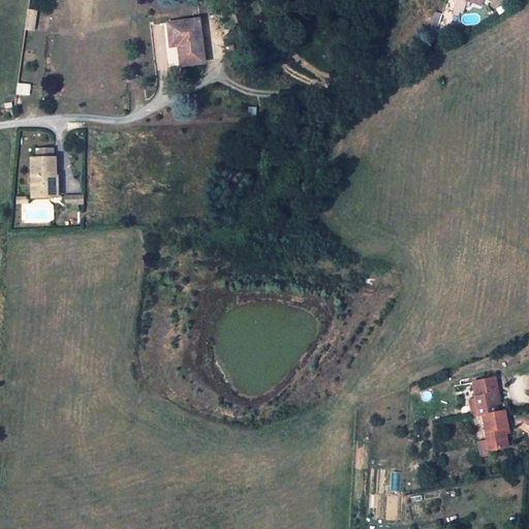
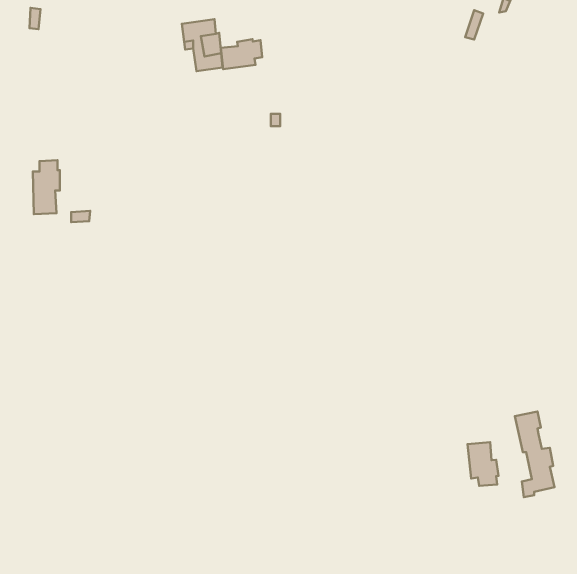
building: none -> [221,39,262,69]
building: none -> [468,442,498,486]

